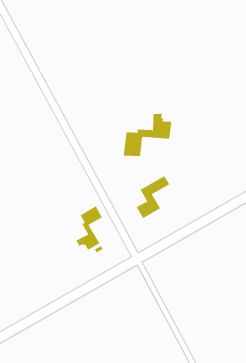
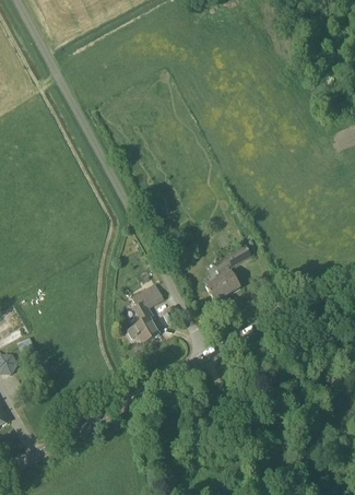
building: [123,113,172,157] -> none

